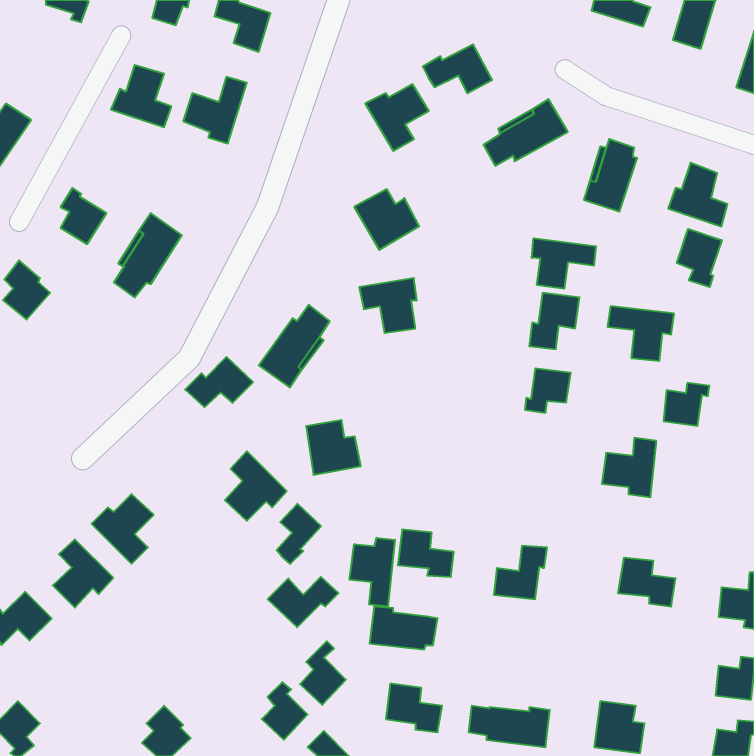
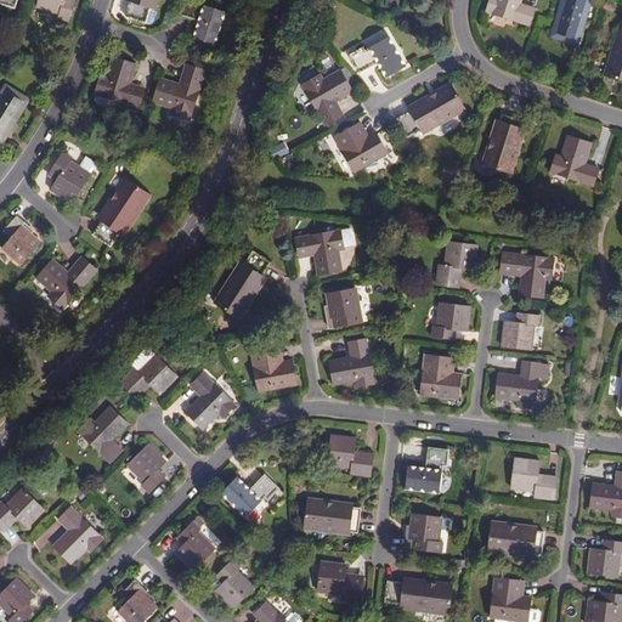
building: [354,189,419,250] -> [333,123,386,173]
building: [677,229,722,287] -> none
building: [532,238,596,289] -> none
building: none -> [36,256,96,306]
building: none -> [326,287,362,327]
building: [185,357,253,407] -> [120,355,176,396]
building: [664,383,709,426] -> [502,313,539,349]
building: none -> [328,337,374,385]
building: none -> [419,354,460,398]
building: [277,504,321,564] -> none
building: [350,538,395,606] -> none
building: [53,539,113,608] -> [52,505,102,561]
building: none -> [128,443,166,491]
building: none -> [405,514,443,549]
building: none -> [487,520,542,555]
building: [300,641,346,705] -> [175,516,213,569]

